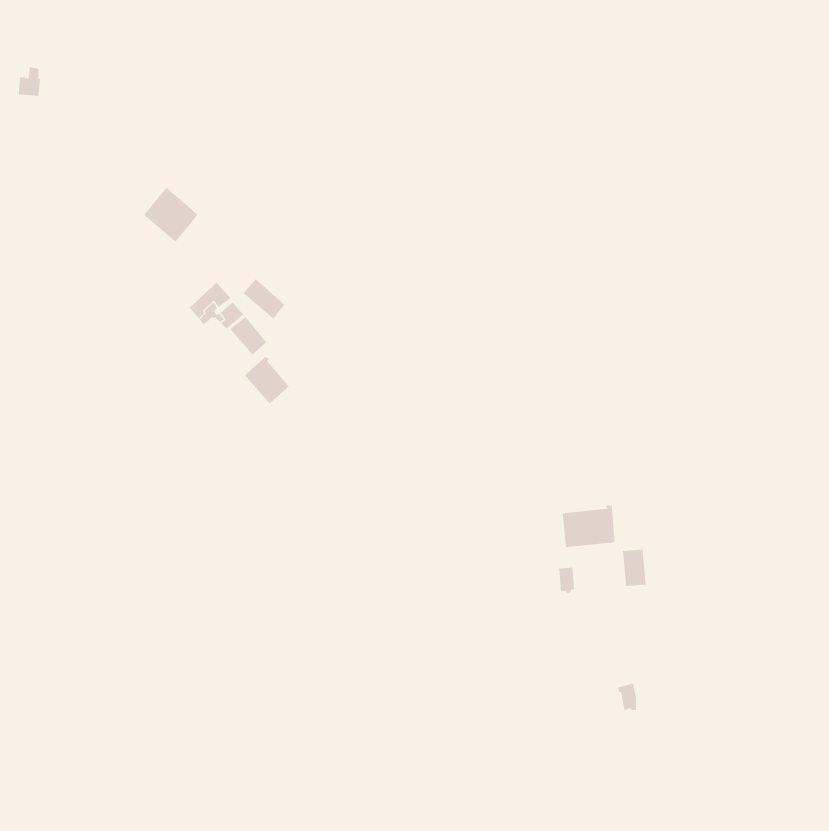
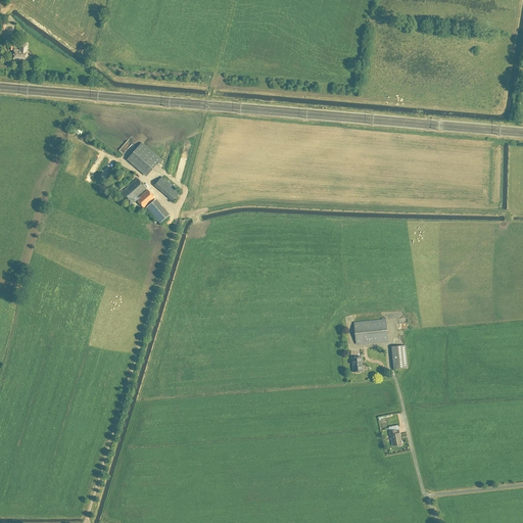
building: [143,187,199,242] -> [125,141,159,176]
building: [244,356,289,404] -> none

